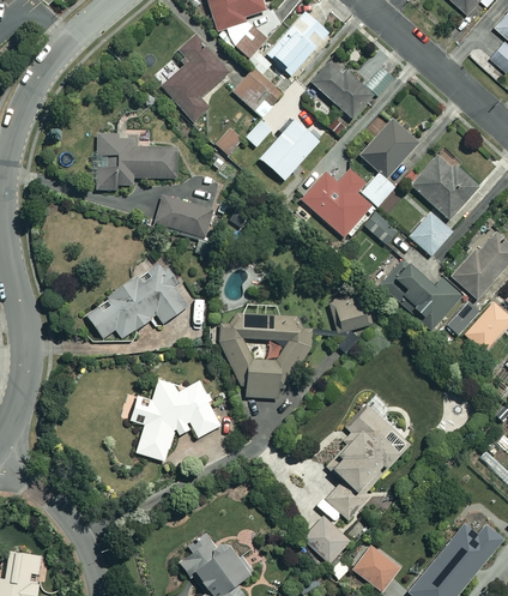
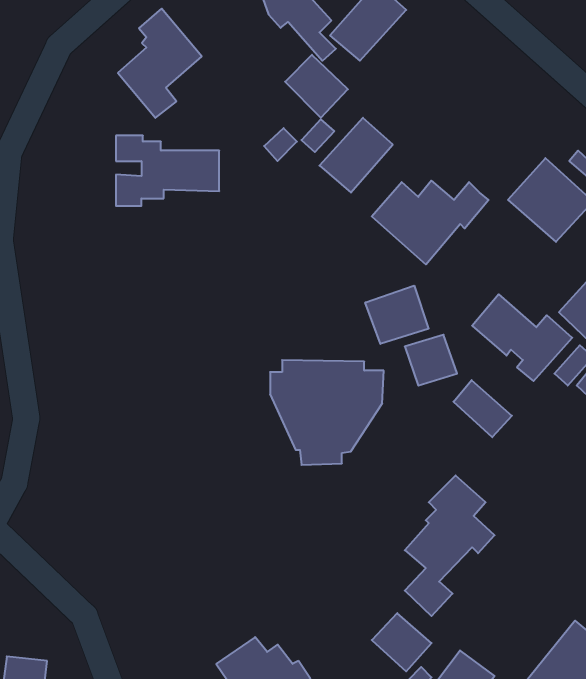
building: [162,34,229,121] -> [118,9,202,118]
building: [312,58,394,118] -> none
building: [361,119,418,179] -> none
building: [155,194,213,237] -> none
building: [410,212,452,254] -> none
building: none -> [365,286,429,344]
building: [84,259,188,339] -> none
building: none -> [453,380,512,437]
building: [129,377,223,460] -> none

